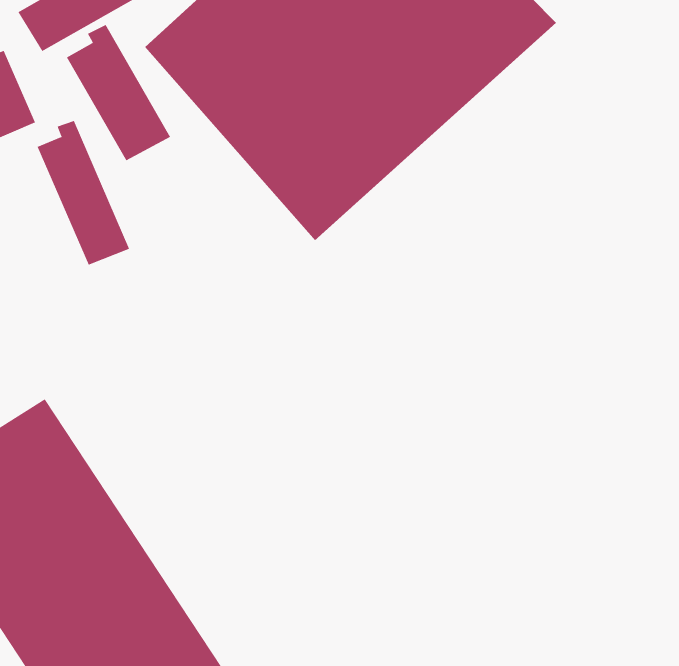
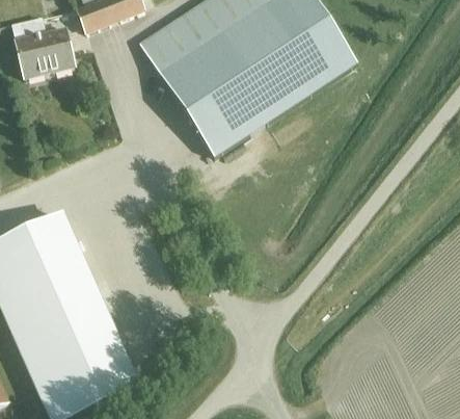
building: [66,24,171,161] -> none
building: [37,120,130,265] -> none

